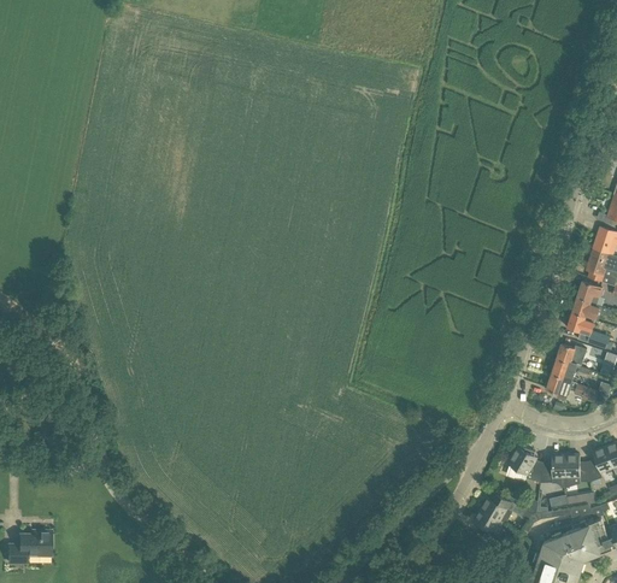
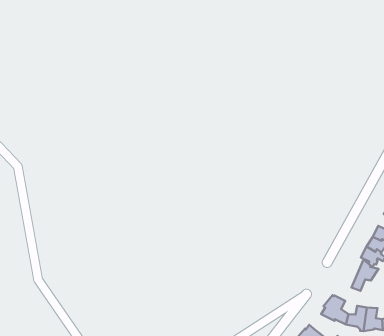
building: none -> [351,260,378,291]

